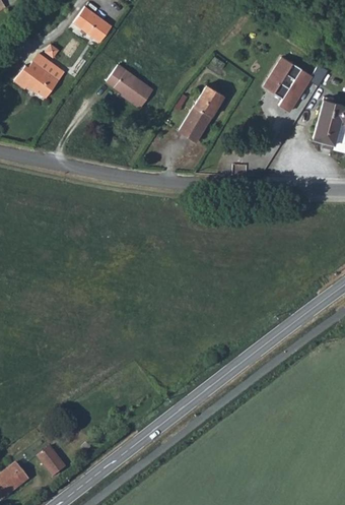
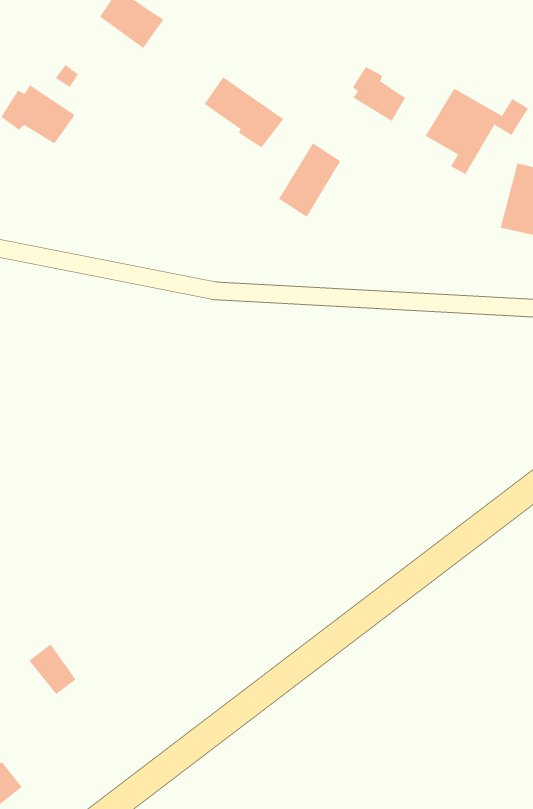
building: none -> [352,66,406,122]
building: [102,66,150,109] -> [204,76,284,148]
building: [38,444,66,475] -> [29,644,76,695]

